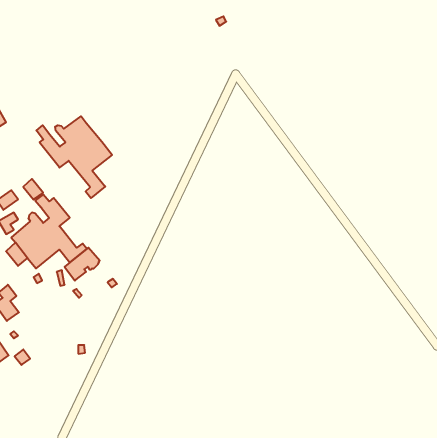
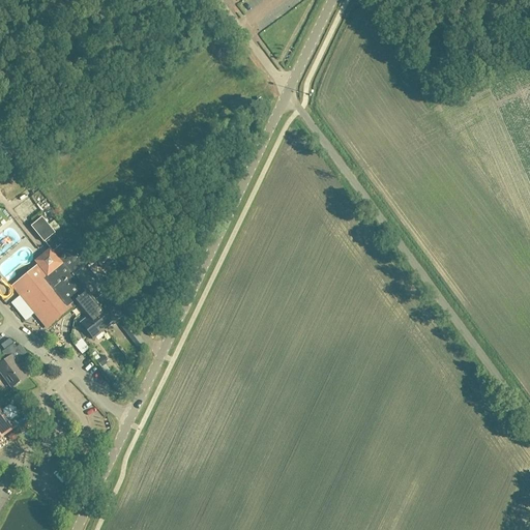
building: [36,116,112,198] -> none

